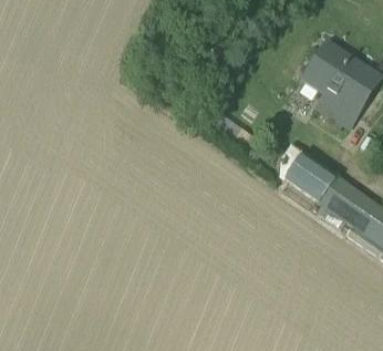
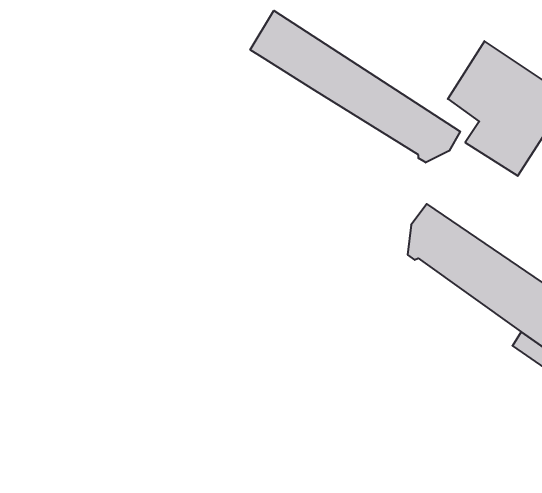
building: none -> [250,11,460,163]

